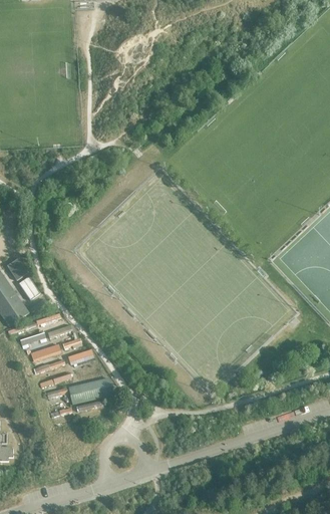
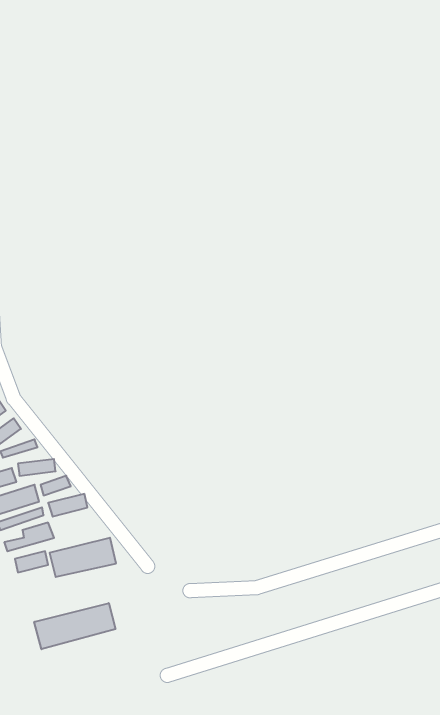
building: none -> [34,603,115,649]

